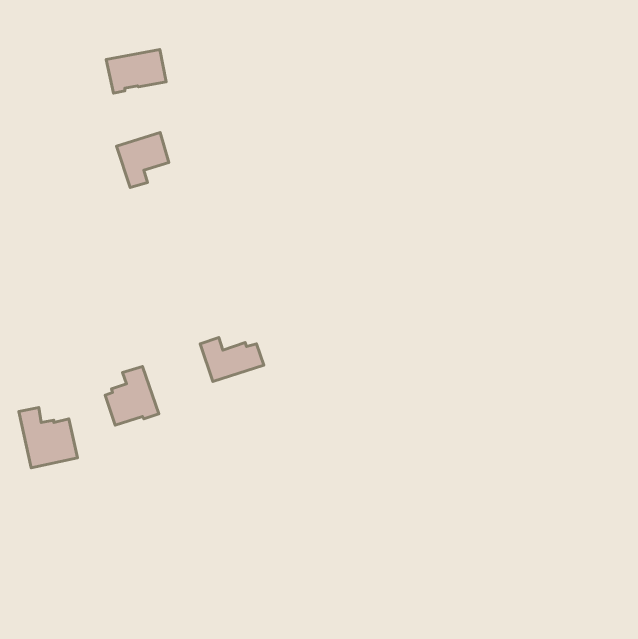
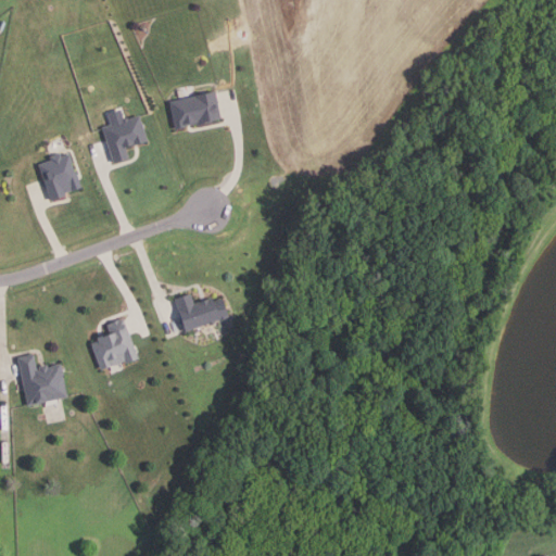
building: [106,49,166,93] -> [168,92,220,130]
building: none -> [38,153,80,201]

